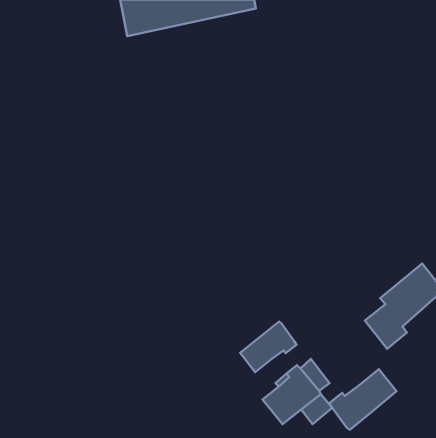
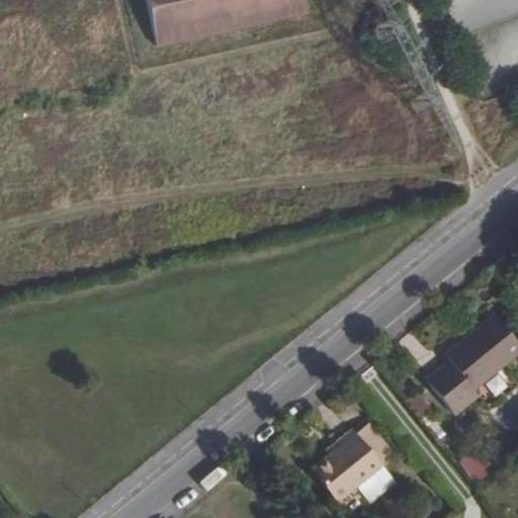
building: [240,322,296,372] -> none
building: [329,369,397,430] -> none

